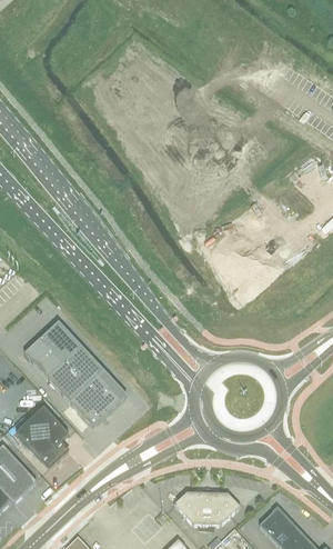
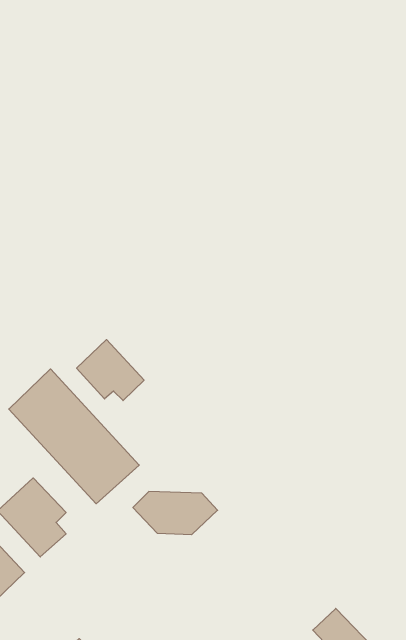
building: none -> [77,340,144,401]
building: [174,491,240,525] -> [133,492,218,535]

